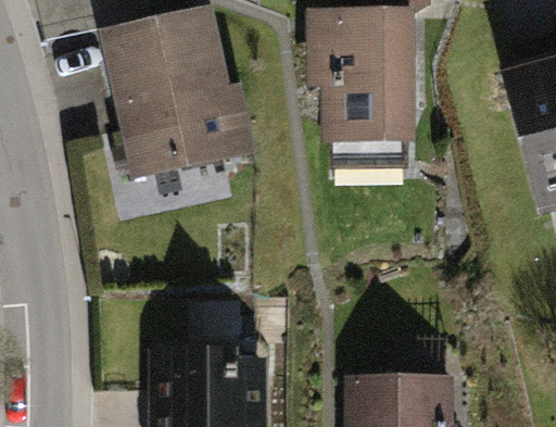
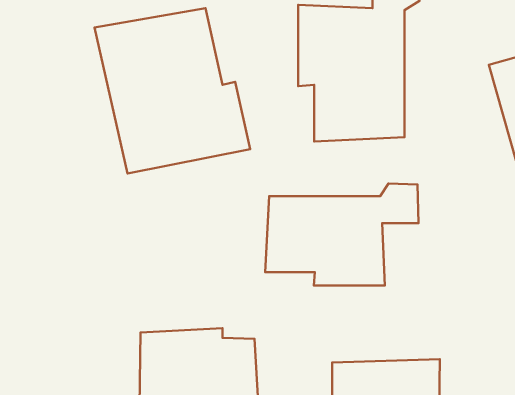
building: none -> [265,184,418,286]

